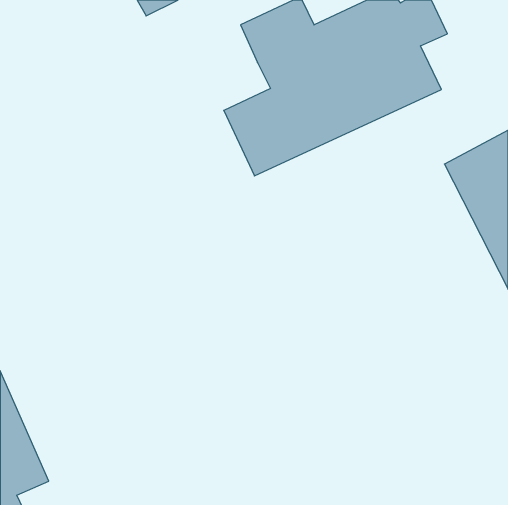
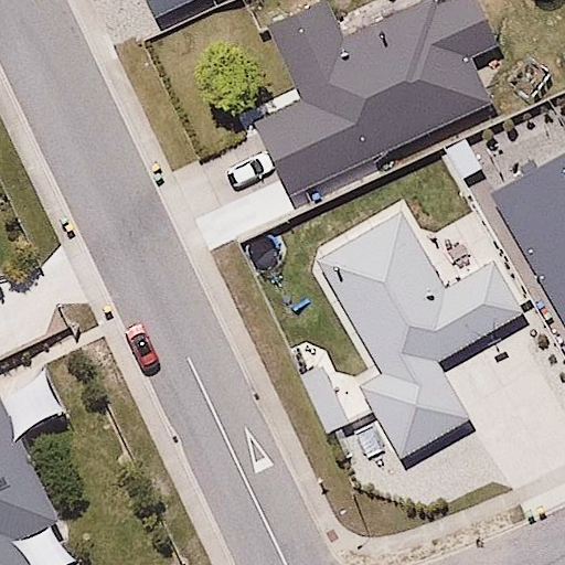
building: none -> [323,207,530,454]

